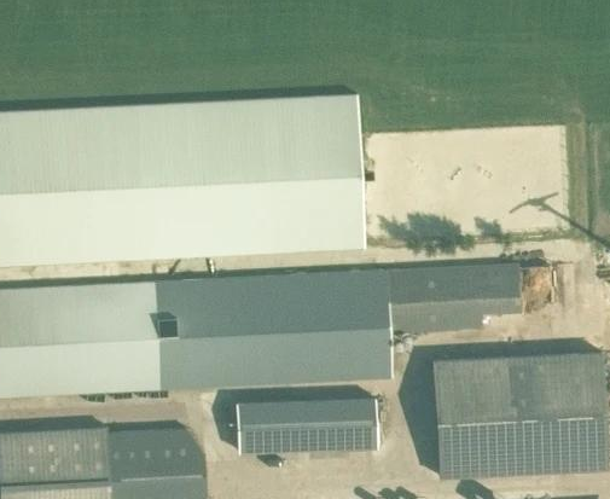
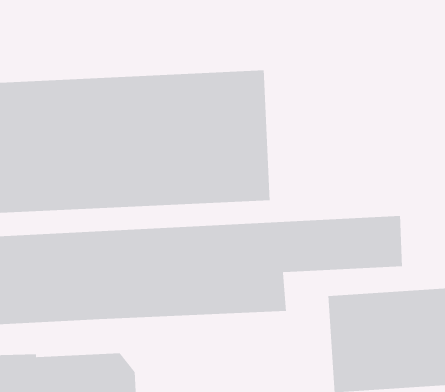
building: [236,399,377,452] -> none

